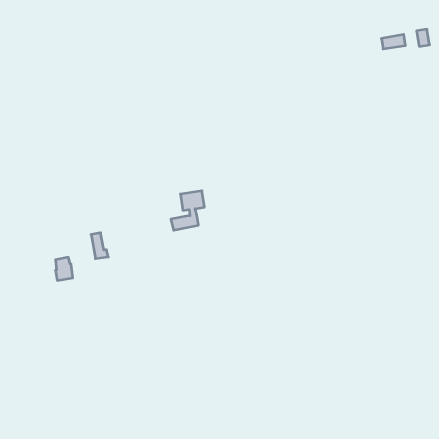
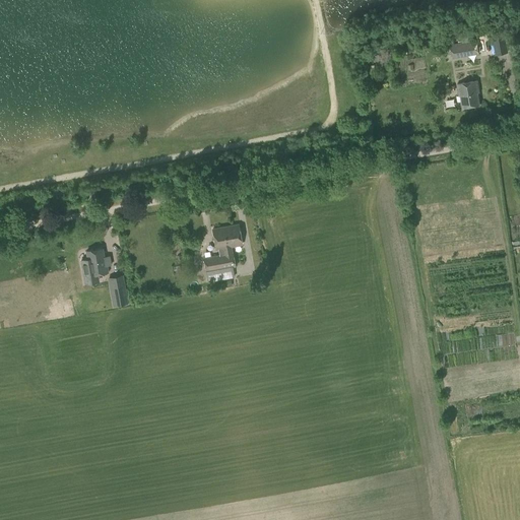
building: none -> [458,81,480,108]
building: [56,257,73,280] -> [86,248,107,275]

